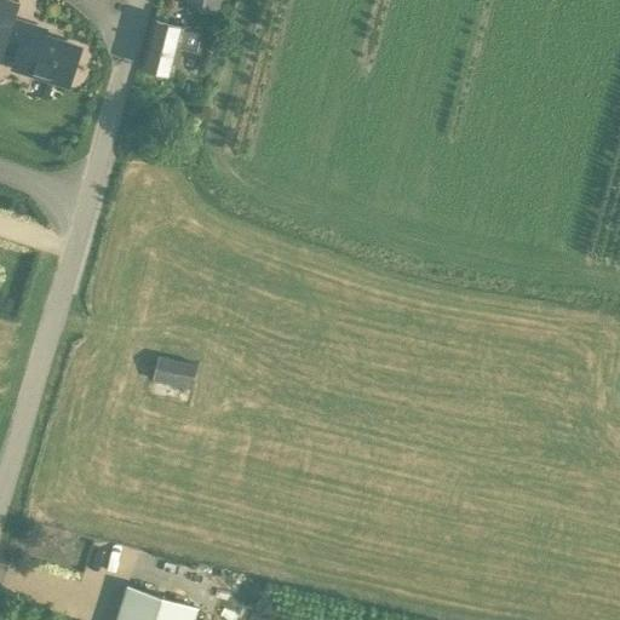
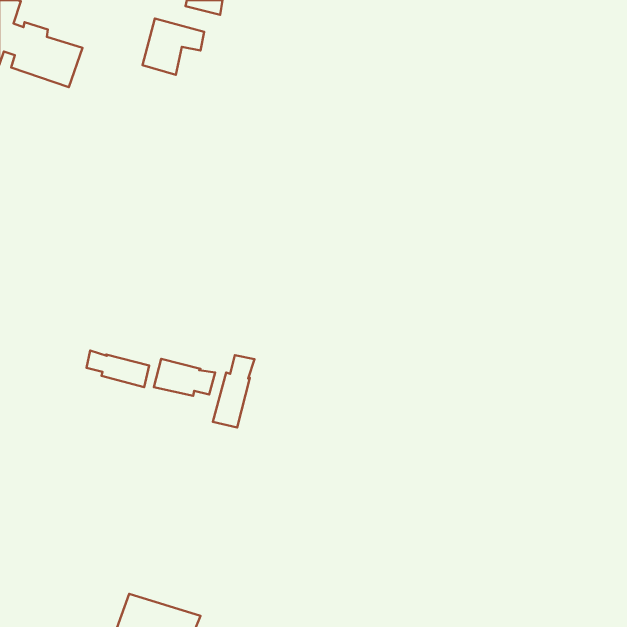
building: none -> [86,351,149,387]
building: none -> [213,355,254,428]

